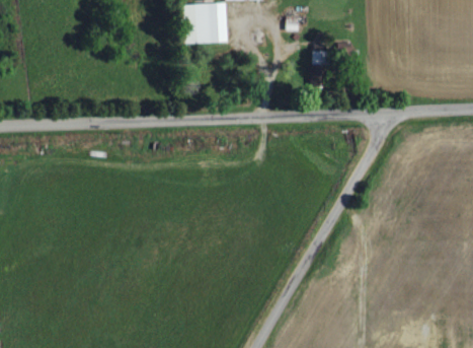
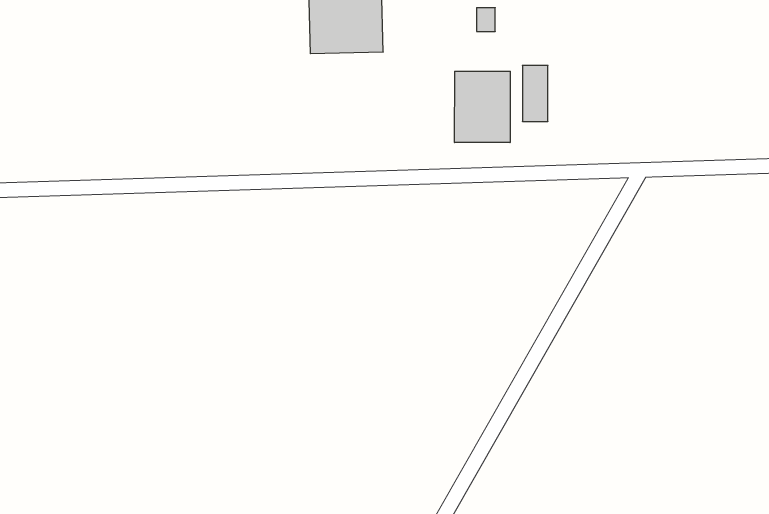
building: none -> [455,71,510,143]

